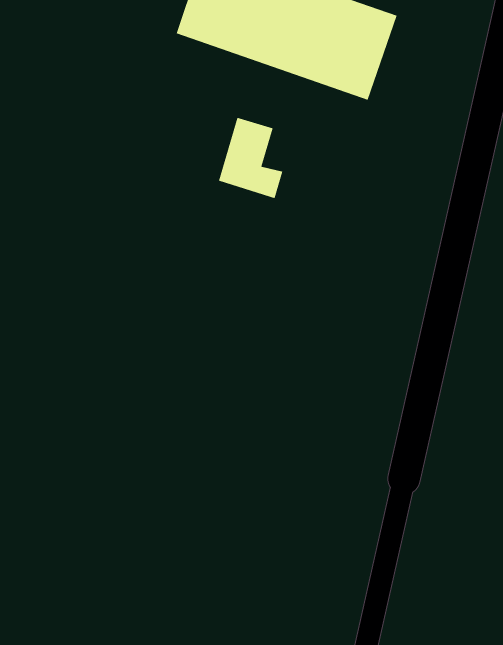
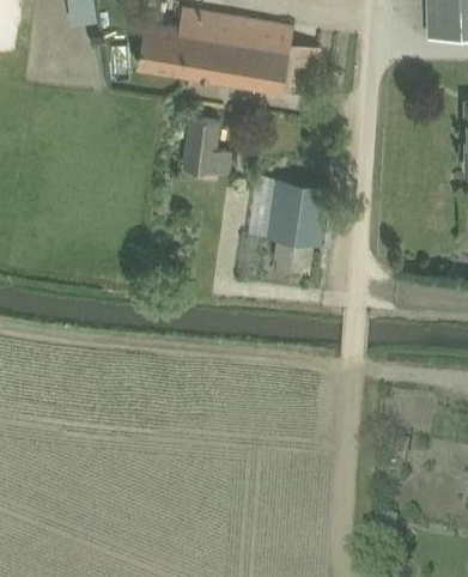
building: none -> [248,177,334,242]

